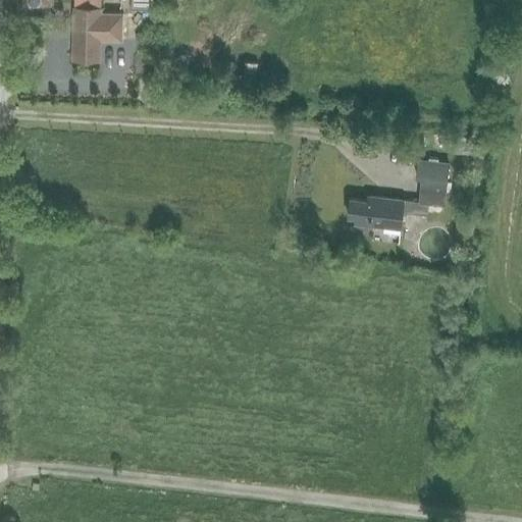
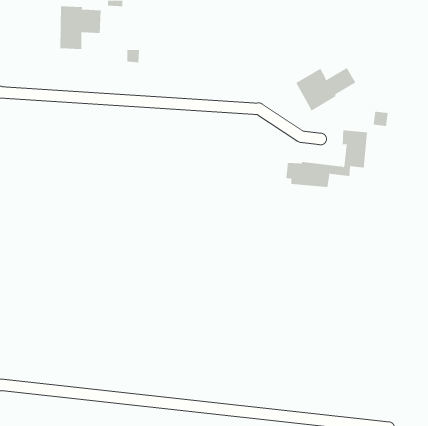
building: none -> [295,67,356,111]

